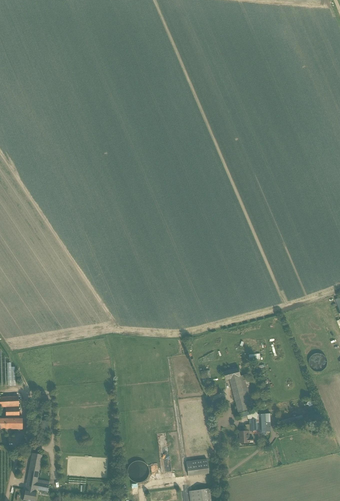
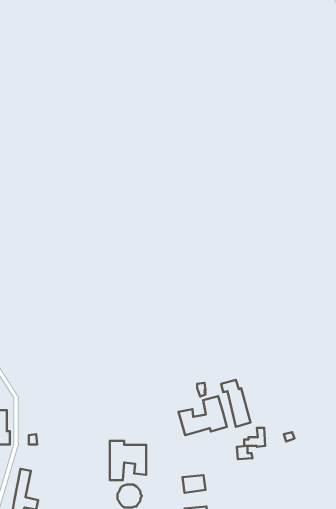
building: none -> [178,396,227,435]
building: none -> [110,441,146,480]

